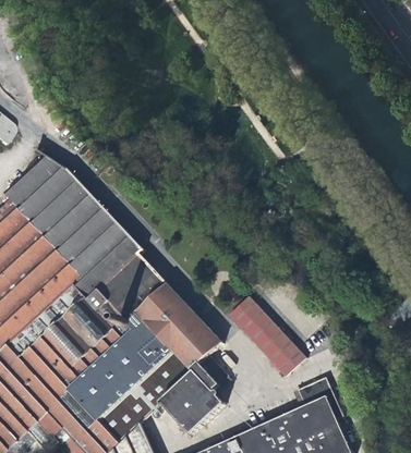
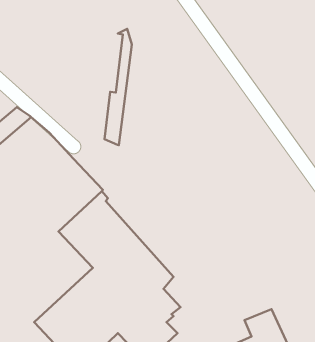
building: none -> [104,29,132,145]
building: [228,295,306,375] -> none

